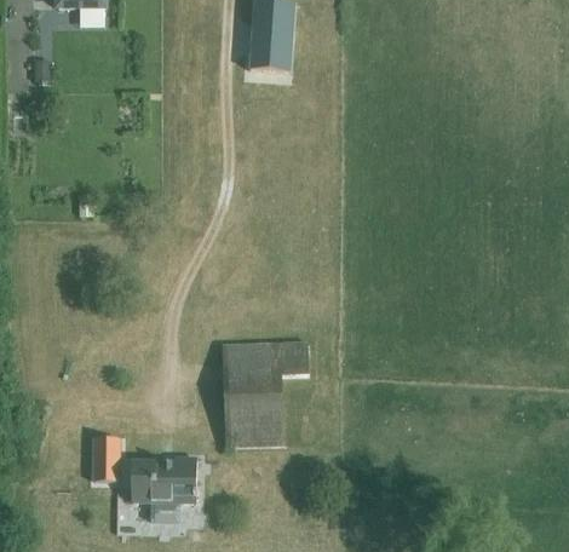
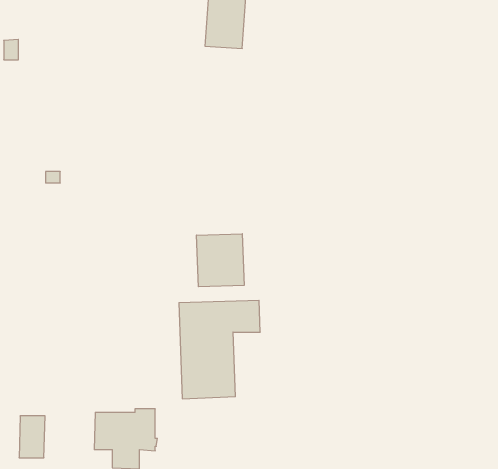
building: none -> [197,234,244,287]
building: [93,437,121,482] -> [19,416,45,458]

